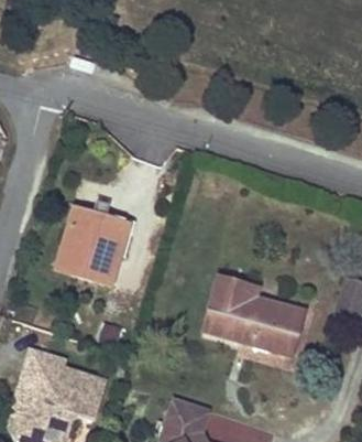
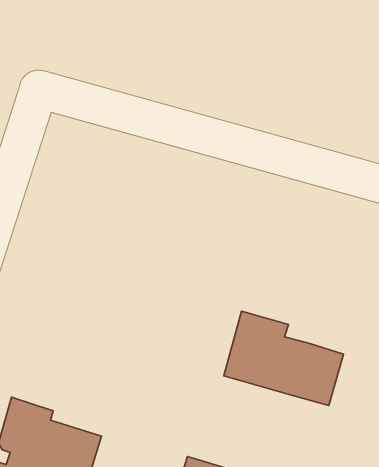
building: [55,209,123,284] -> none

